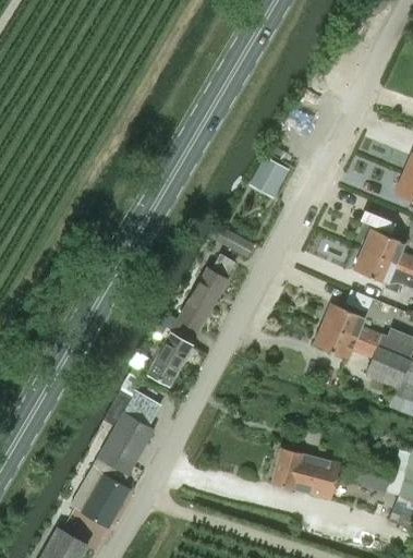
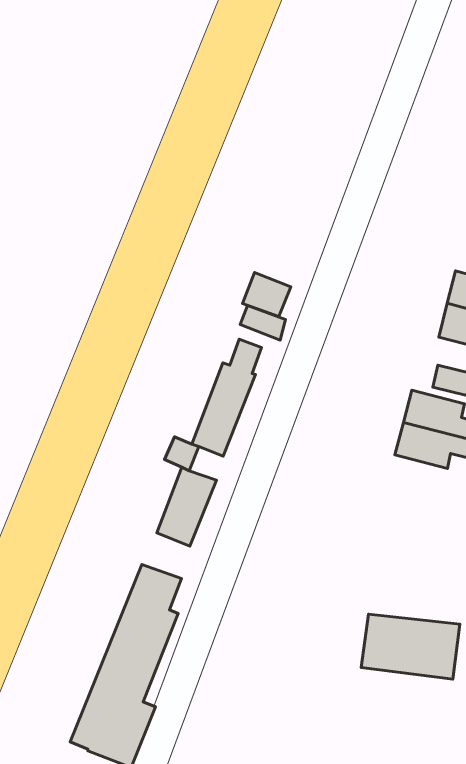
building: [253,157,287,189] -> [242,272,291,316]

